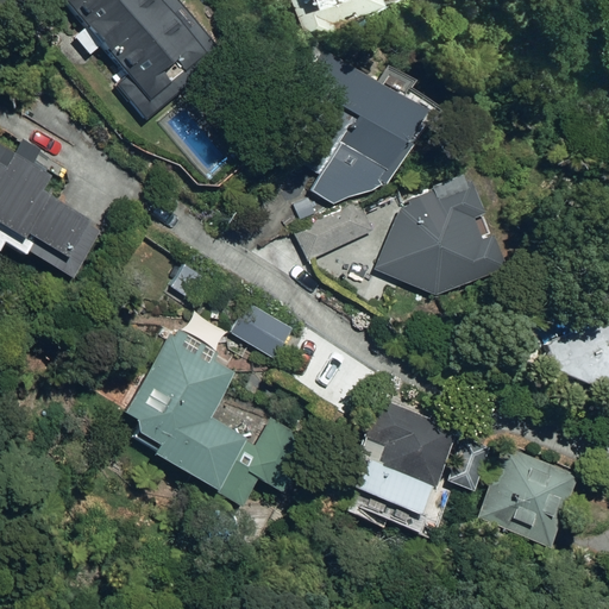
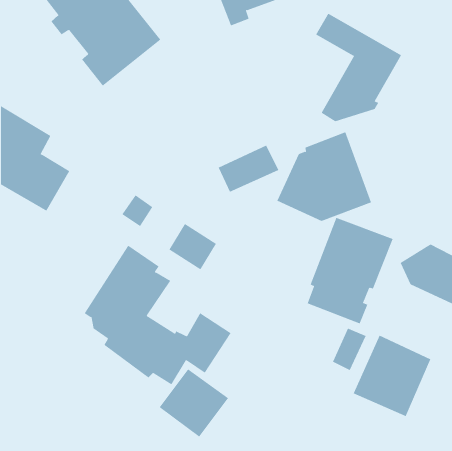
building: [308,54,422,197] -> [315,13,402,122]
building: [345,397,459,539] -> [307,217,393,324]
building: none -> [159,369,229,438]

